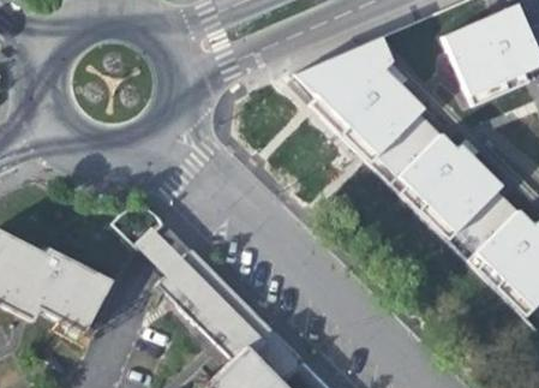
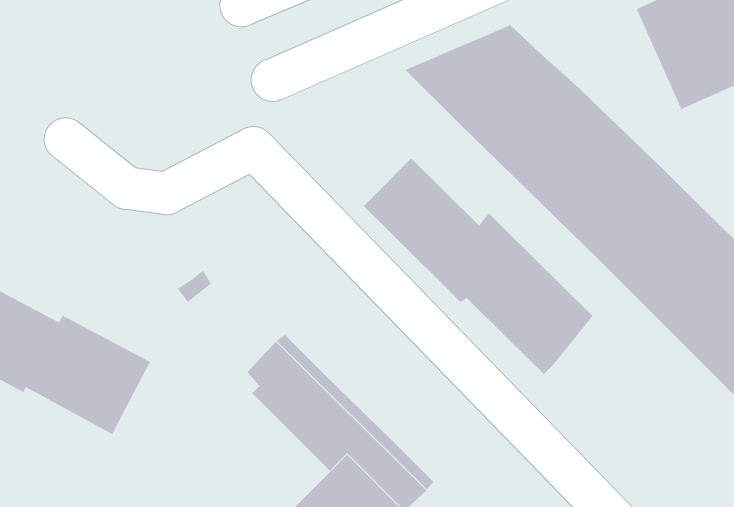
building: none -> [363,158,593,375]
building: [136,223,202,287] -> none

